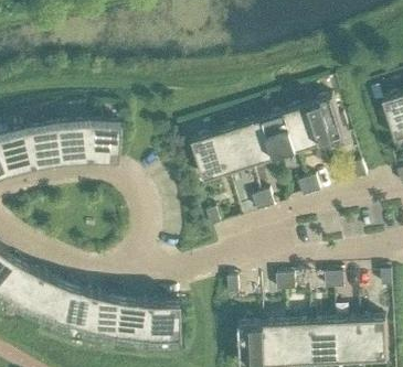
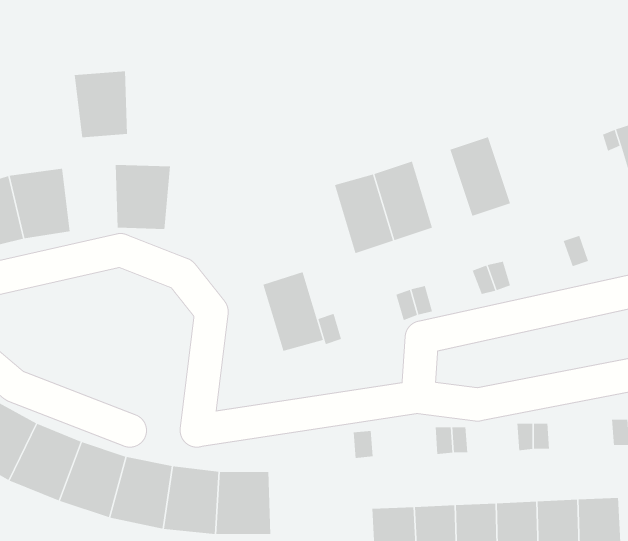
building: [308,96,346,143] -> none
building: [263,111,298,158] -> none
building: [55,120,87,160] -> [74,71,128,138]
building: [192,132,229,180] -> [262,271,324,351]

